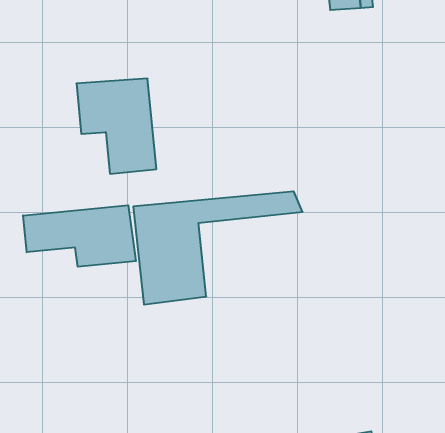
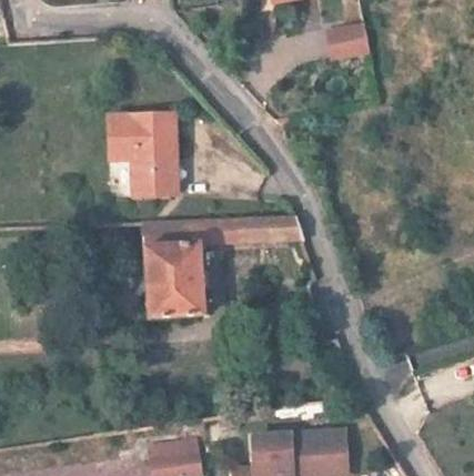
building: [23,205,136,267] -> none

